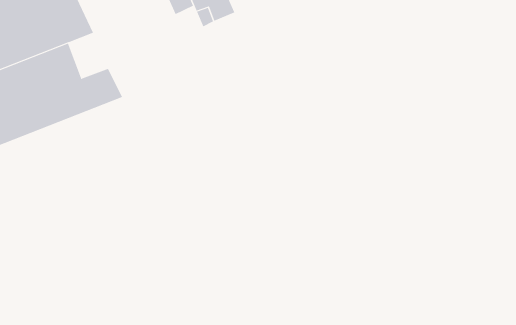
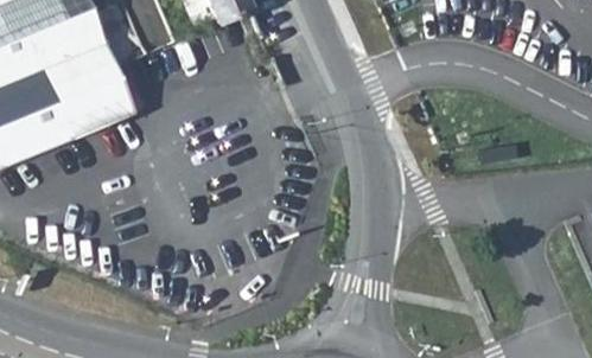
building: none -> [82,44,125,92]

